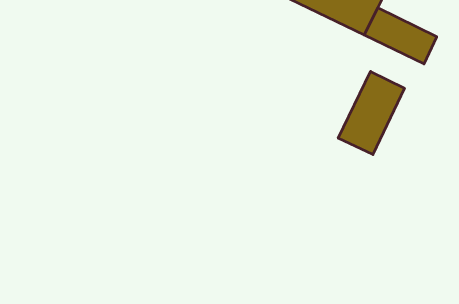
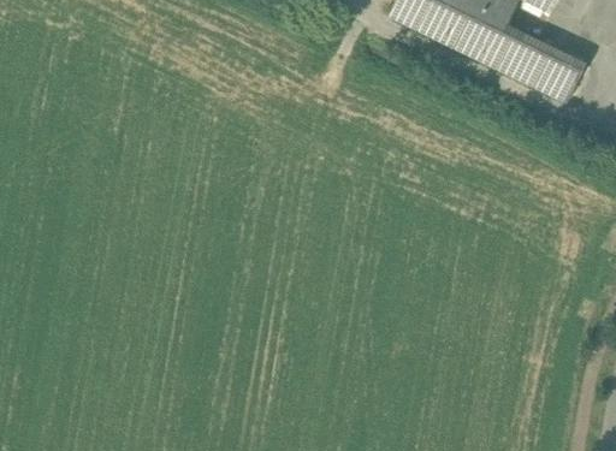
building: [338,71,404,155] -> none

